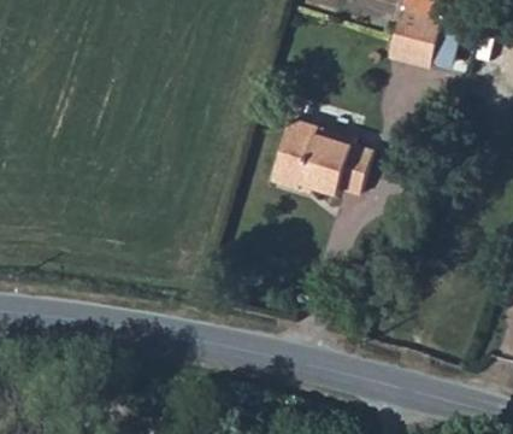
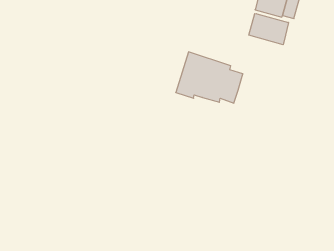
building: none -> [249,14,288,45]

